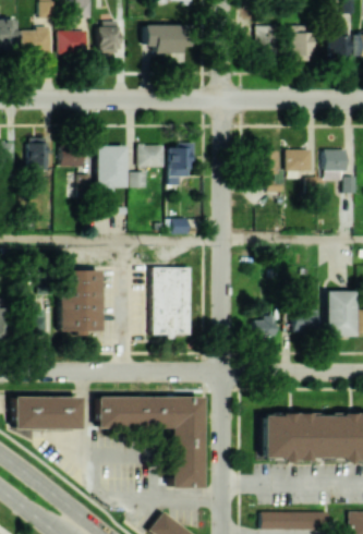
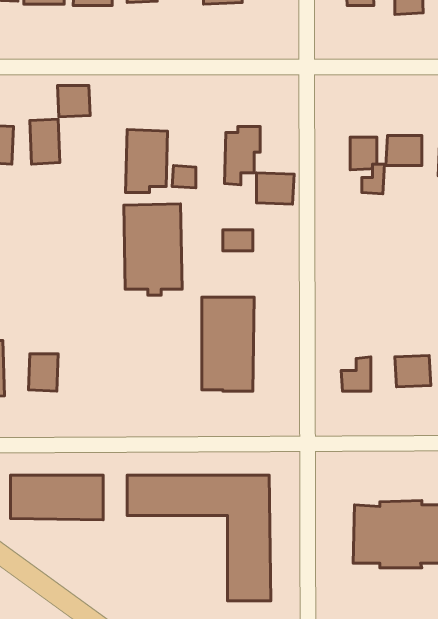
building: [61,144,85,167] -> [57,86,90,117]
building: [138,144,166,167] -> [257,173,294,204]
building: [60,269,102,336] -> [124,204,182,295]

